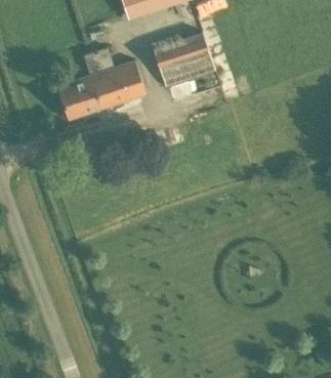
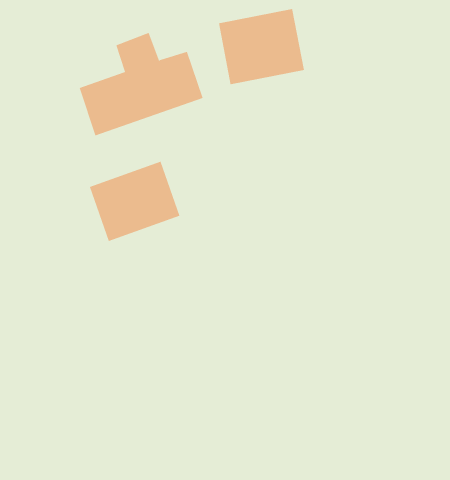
building: none -> [89,161,180,242]

